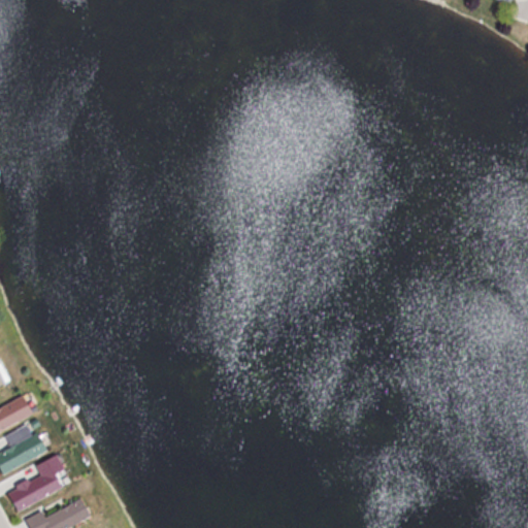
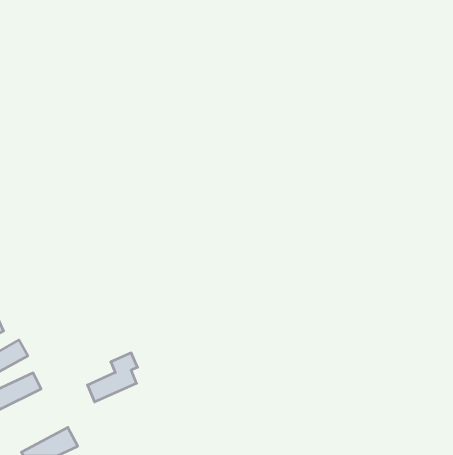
building: [5,455,63,512] -> [87,353,138,402]

